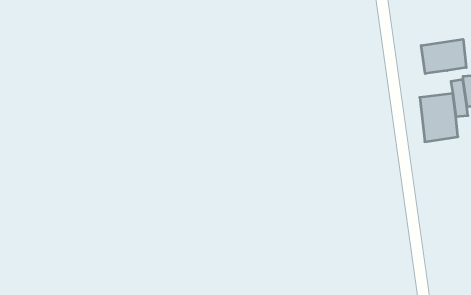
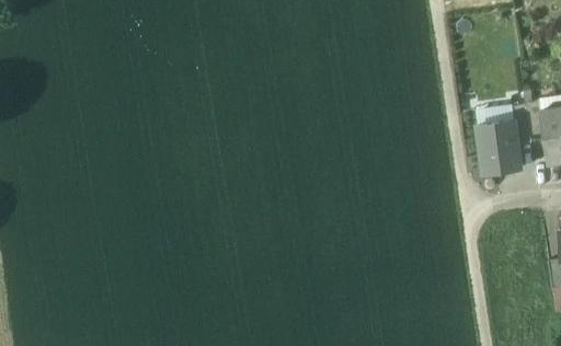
building: [421,39,466,74] -> none

